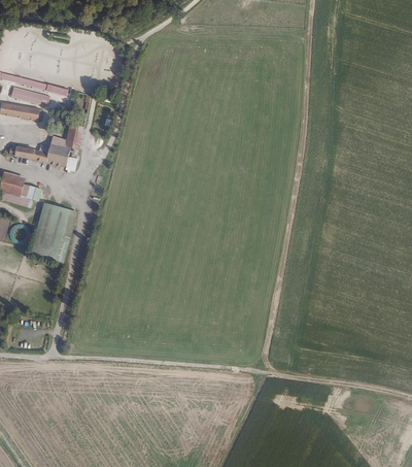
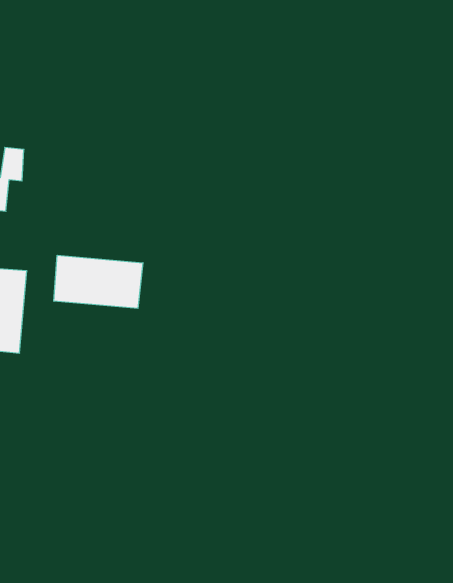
building: none -> [54,255,143,308]

